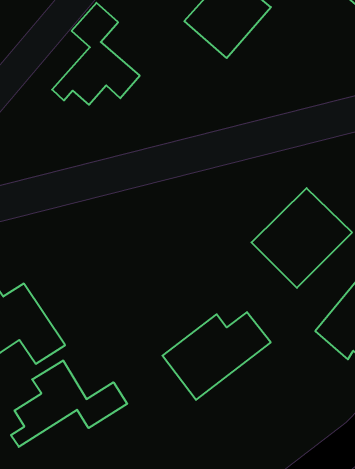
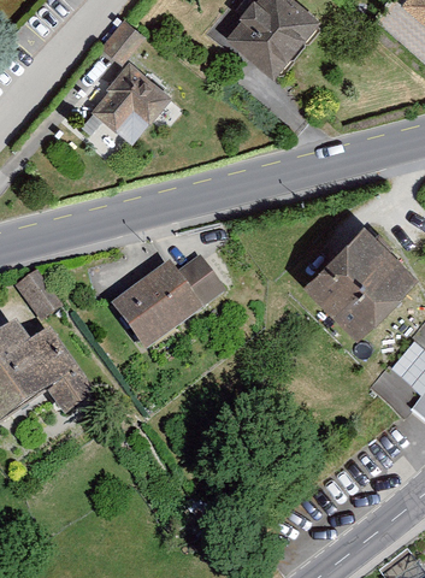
building: [162,312,271,400] -> [107,259,228,356]
building: [11,360,127,447] -> none

